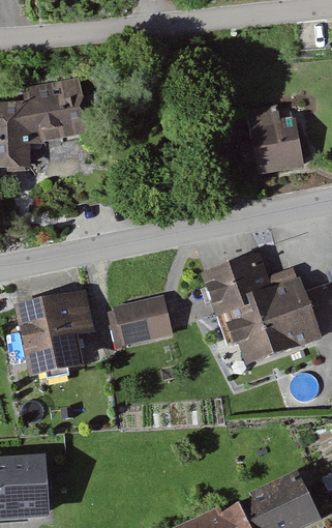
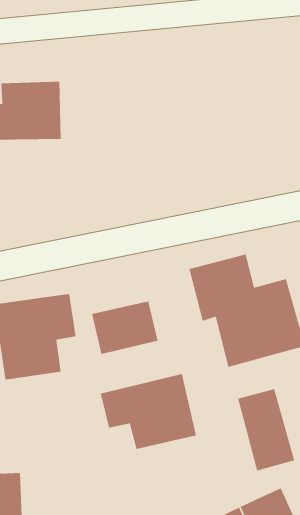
building: [242,104,302,178] -> none
building: none -> [100,373,197,450]
building: none -> [237,388,295,472]

